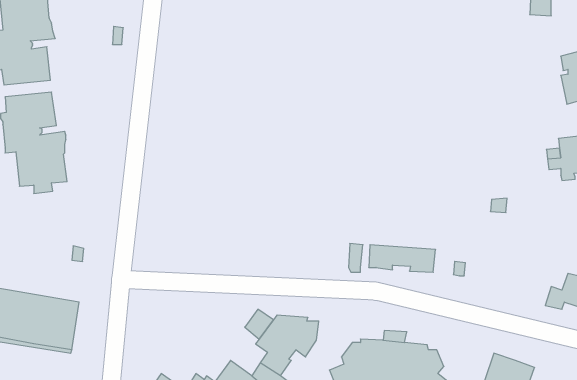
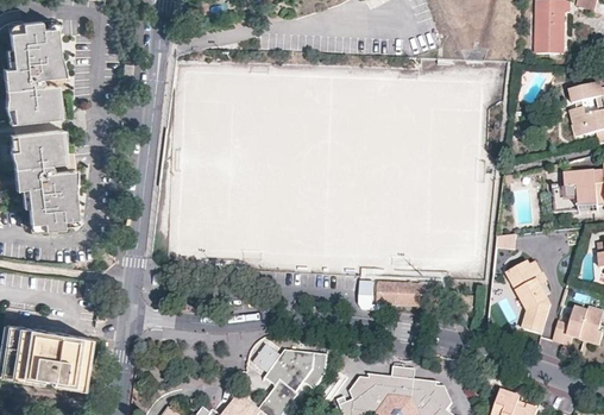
building: none -> [504,259,549,333]

